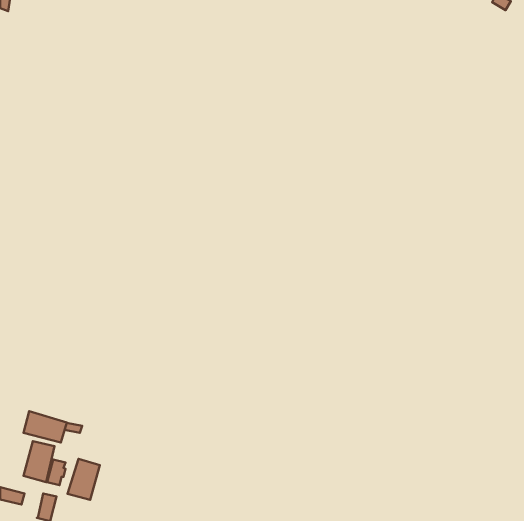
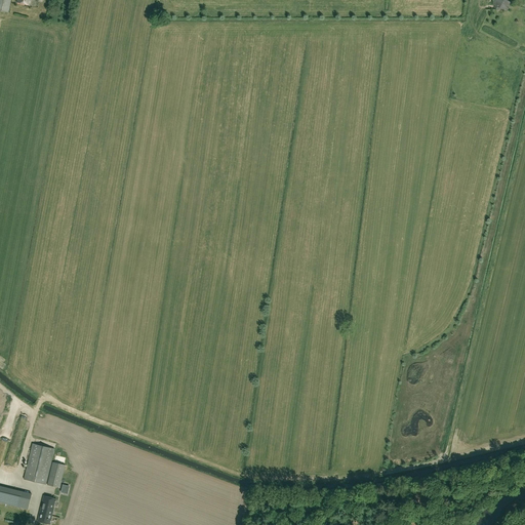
building: [24,411,67,443] -> none
building: [68,459,100,500] -> none

